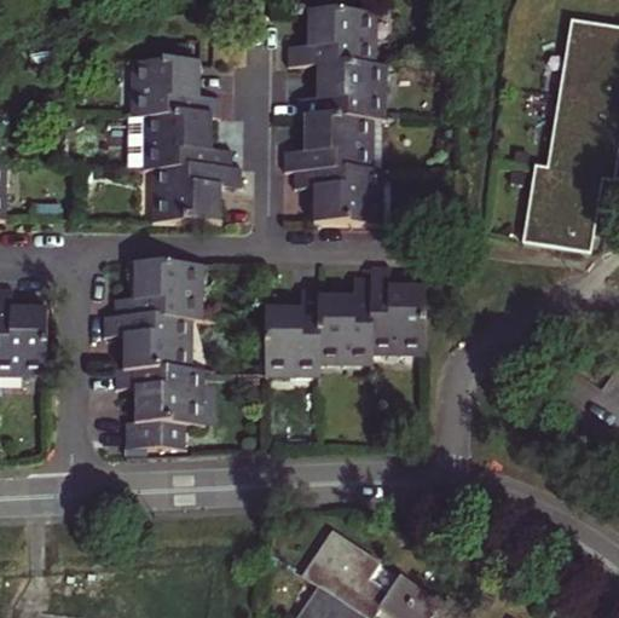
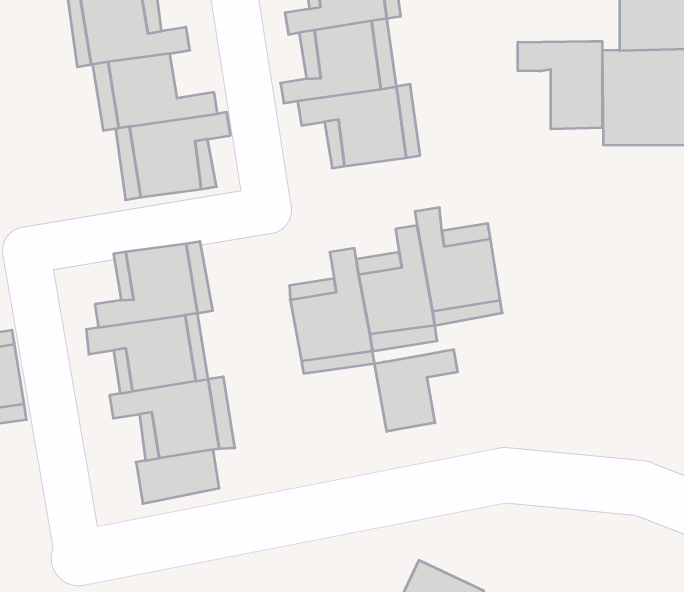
building: none -> [518,41,602,129]
building: none -> [375,349,458,432]

